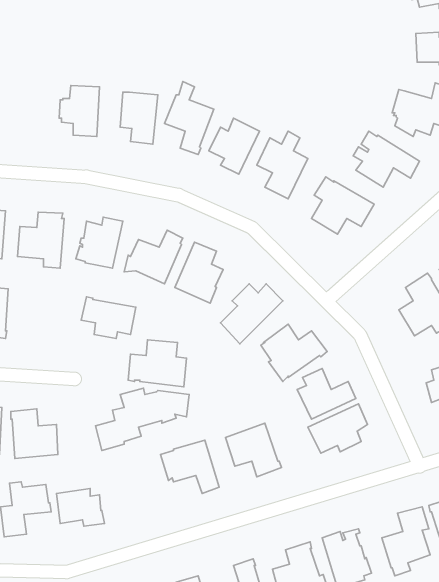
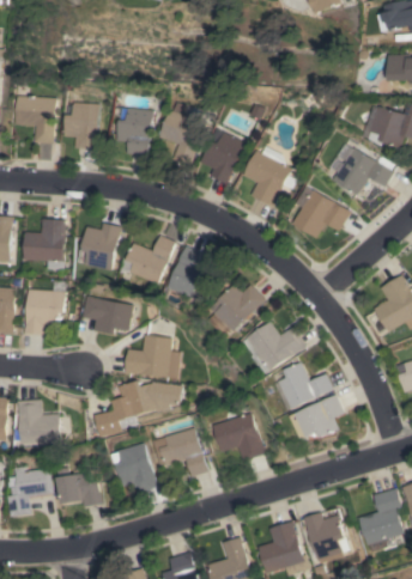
building: none -> [14,95,55,142]
building: none -> [24,288,65,334]
building: none -> [117,443,158,492]

